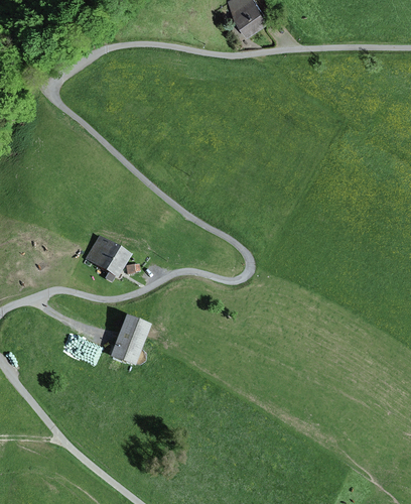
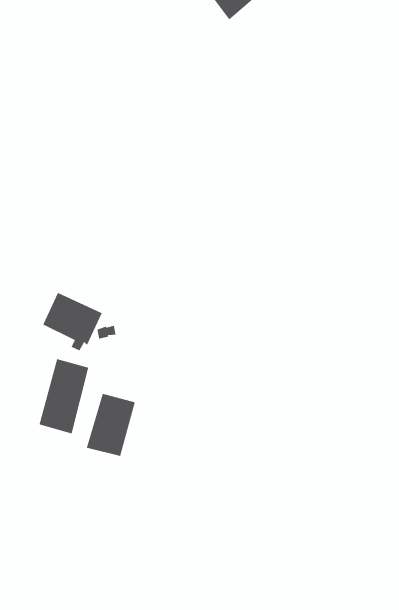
building: none -> [38,358,89,435]

